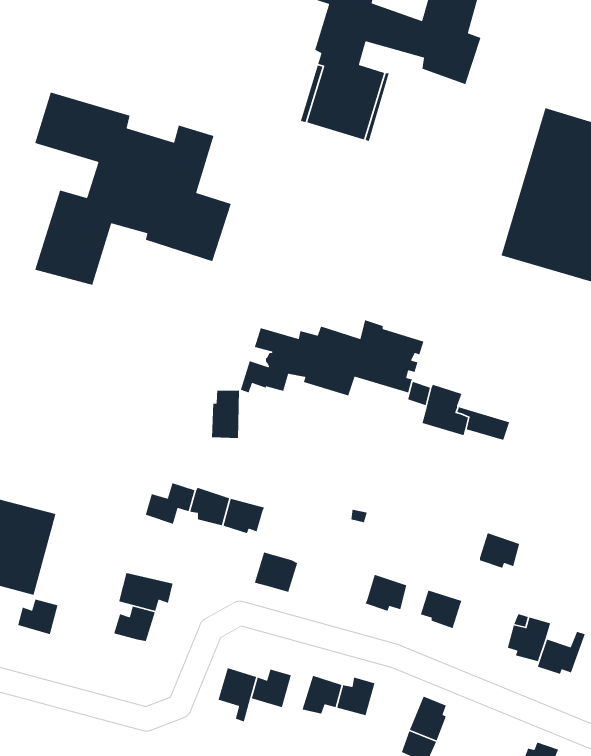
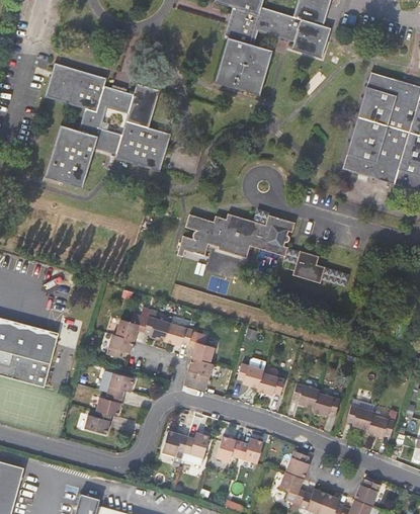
building: [211,390,240,439] -> none
building: none -> [187,331,214,362]
building: none -> [105,334,134,358]
building: [479,532,520,569] -> [313,391,339,414]
building: none -> [236,362,263,389]
building: [17,599,58,635] -> [84,410,110,433]

